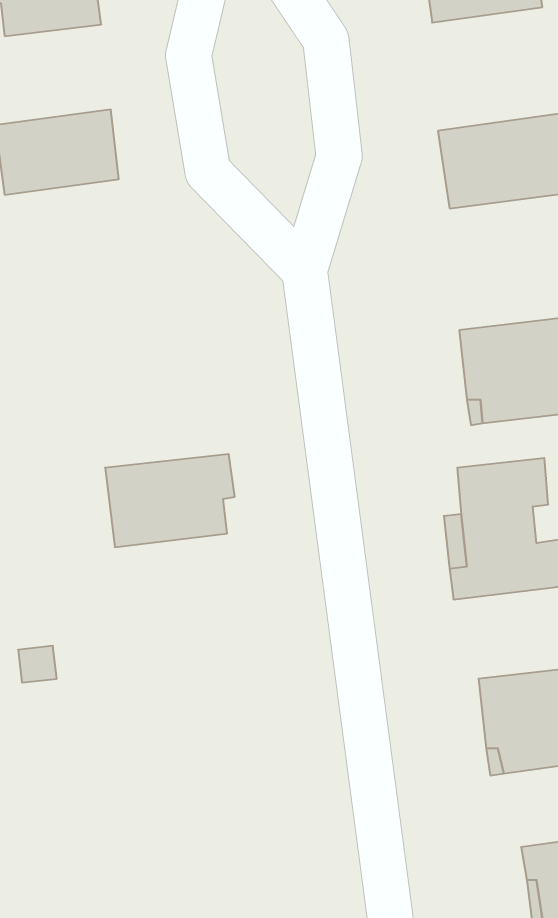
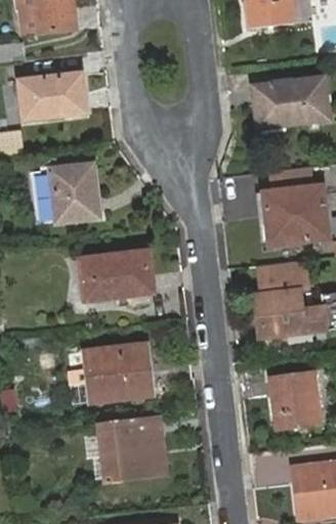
building: none -> [27,165,94,224]
building: none -> [80,347,149,404]
building: none -> [100,419,166,486]

